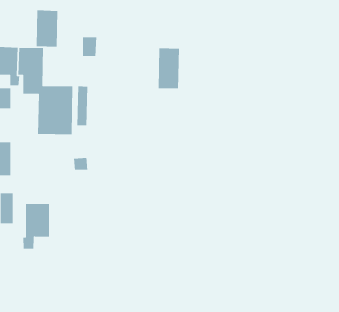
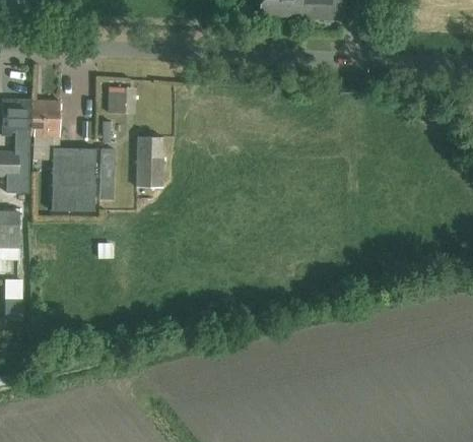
building: [36,10,58,48] -> none
building: [158,48,180,89] -> [136,135,163,187]
building: [22,203,50,250] -> none

